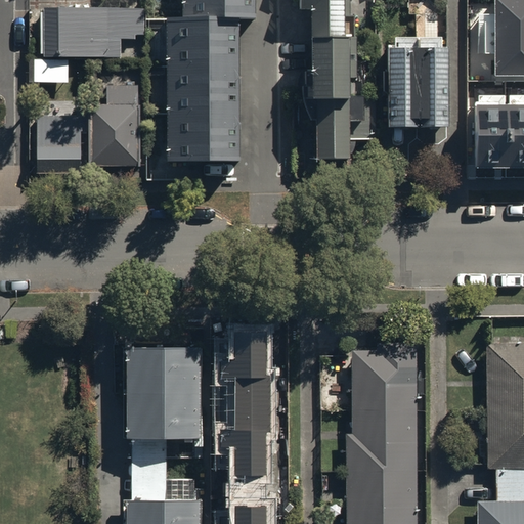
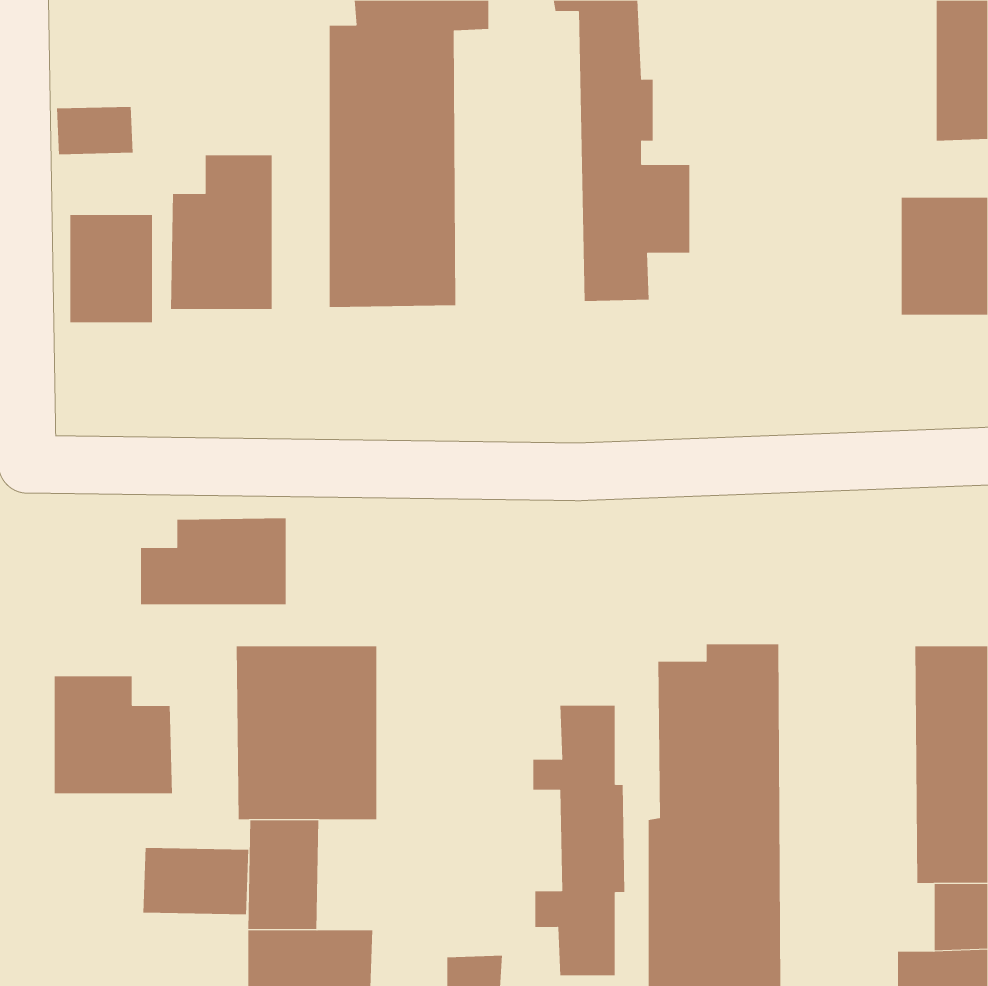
building: [43,6,148,53] -> none
building: [385,46,438,124] -> none
building: none -> [140,518,286,605]
building: [222,334,271,477] -> [532,705,625,976]
building: none -> [54,675,172,794]
building: none -> [143,847,249,915]

